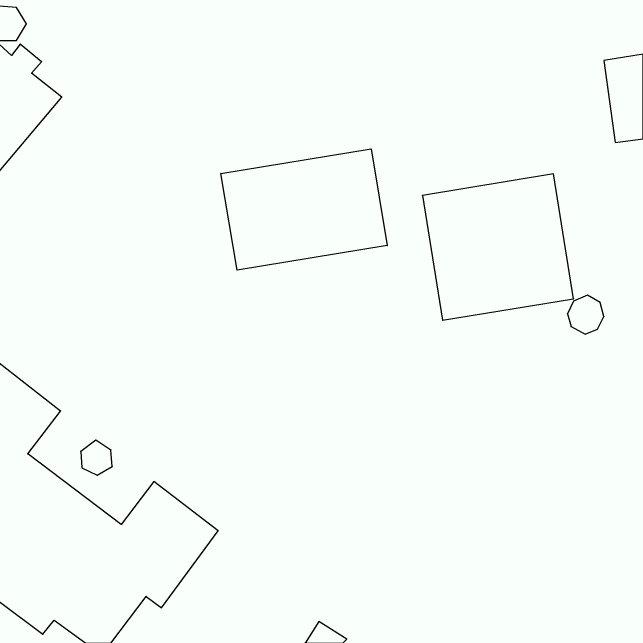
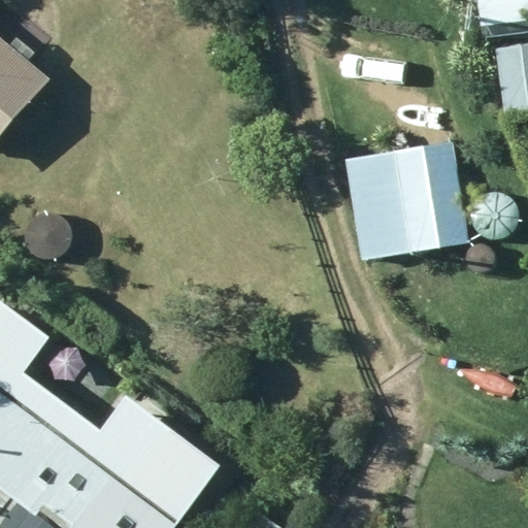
building: [221,149,387,270] -> none

